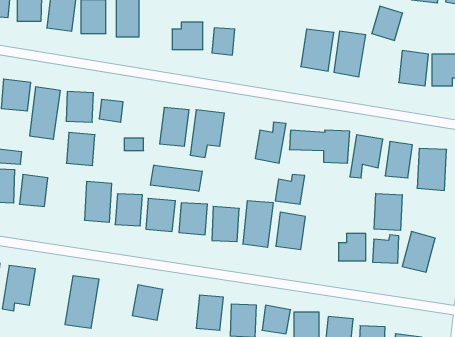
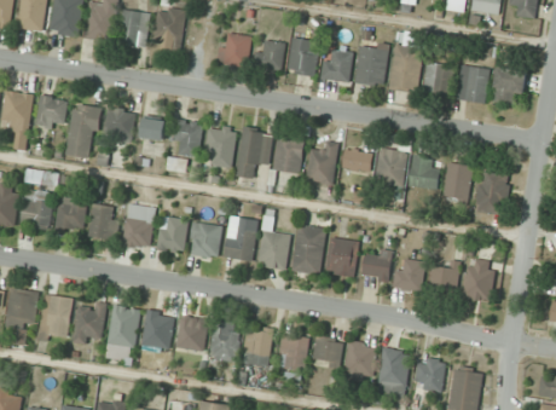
building: [372,6,403,40] -> [422,60,454,97]
building: none -> [286,37,319,76]
building: none -> [322,50,353,82]
building: none -> [169,117,204,156]
building: none -> [273,137,305,174]
building: [66,132,95,165] -> [88,204,118,239]
building: [151,165,202,191] -> none
building: [275,175,305,204] -> [361,249,393,281]
building: [374,193,402,230] -> none
building: none -> [73,302,105,345]
building: none -> [141,310,174,339]
building: none -> [210,322,239,363]

